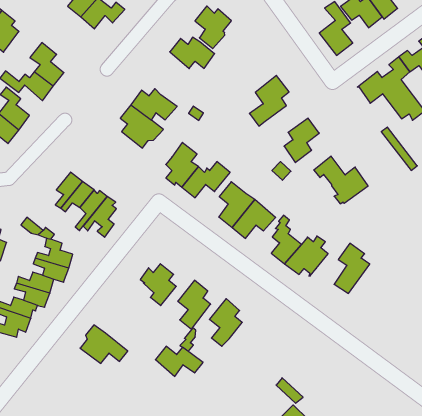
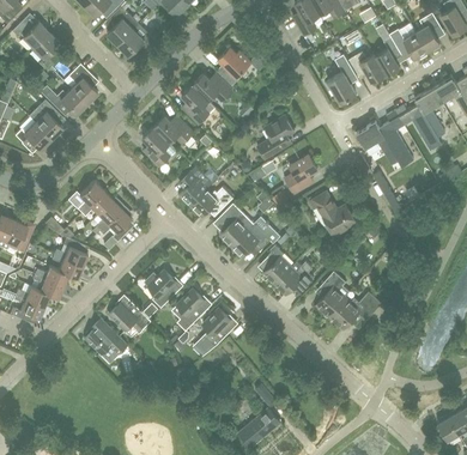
building: none -> [181,84,216,125]
building: none -> [328,291,382,329]
building: [155,346,203,376] -> [109,303,151,330]

